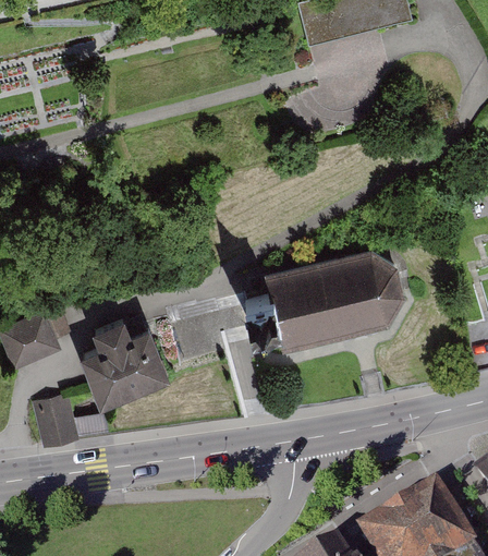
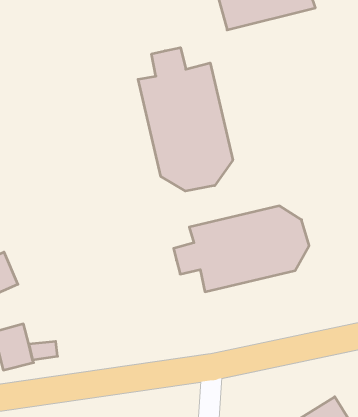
building: none -> [138,48,233,191]
building: [78,321,169,408] -> none

